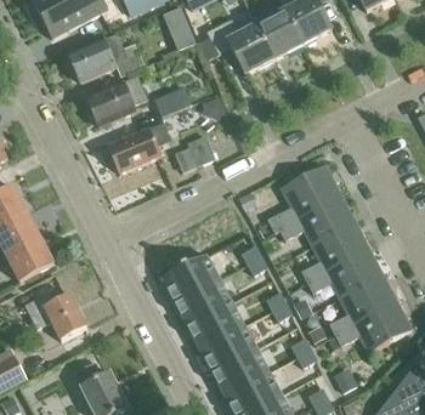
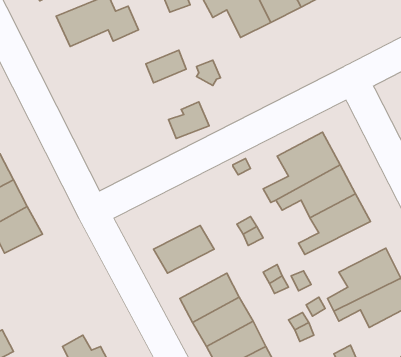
building: [87,76,148,127] -> none
building: [108,121,172,172] -> none
building: [307,251,385,300] -> none
building: [175,278,232,325] -> none
building: [26,291,87,341] -> none

